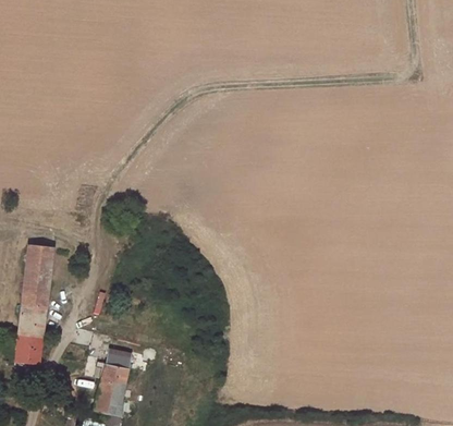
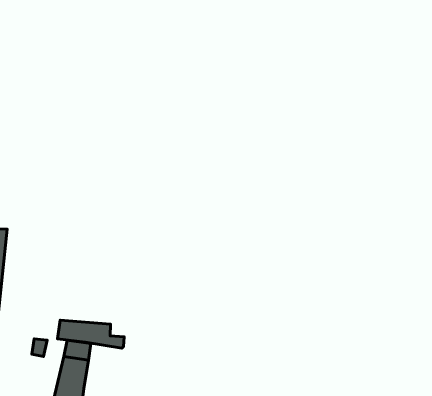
building: none -> [57,320,124,348]

